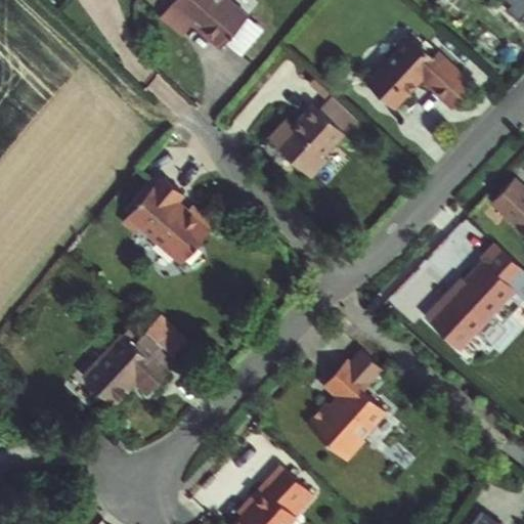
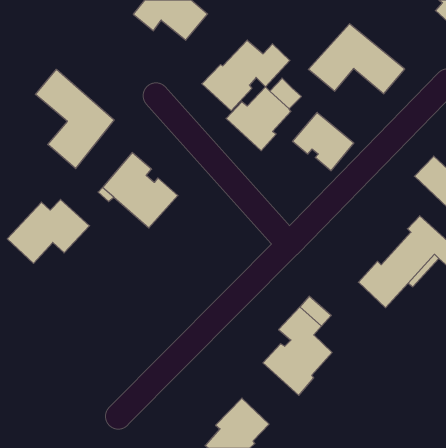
building: none -> [202,40,290,111]
building: none -> [35,69,114,169]
building: none -> [293,112,354,171]
building: [85,329,181,403] -> [7,199,90,263]

